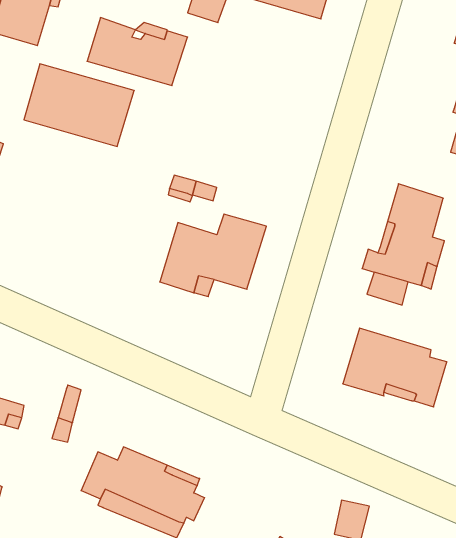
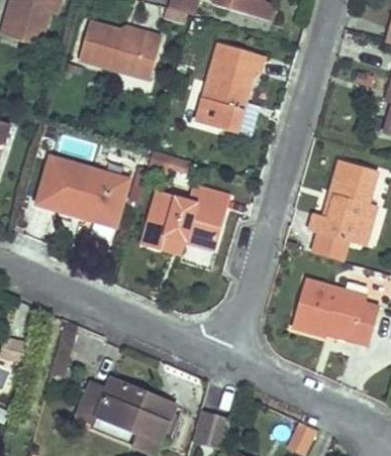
building: none -> [195,41,265,137]
building: [24,64,134,146] -> [37,156,129,225]
building: none -> [193,411,228,449]

